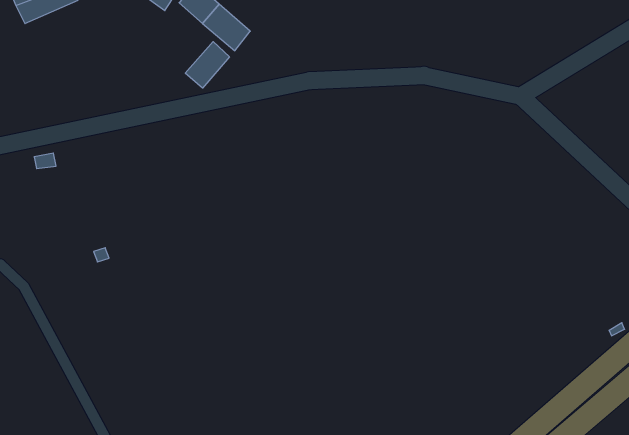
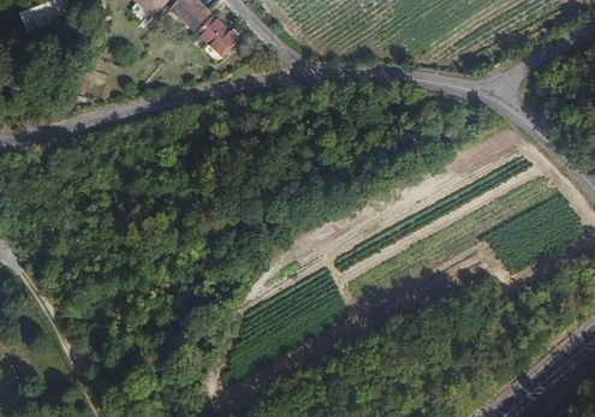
building: [185,42,229,88] -> none

